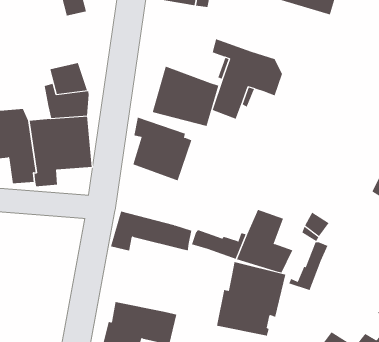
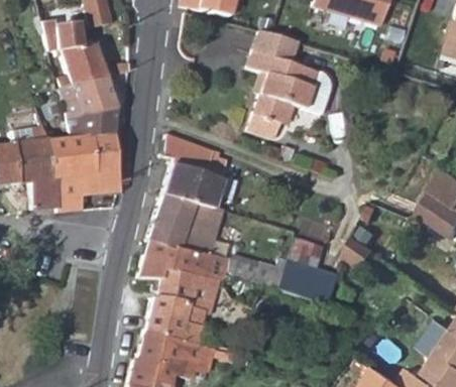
building: none -> [44,18,129,87]
building: none -> [252,28,301,64]
building: [152,66,219,127] -> [148,186,221,252]
building: [288,241,328,291] -> none
building: [216,262,286,336] -> [143,265,219,346]

